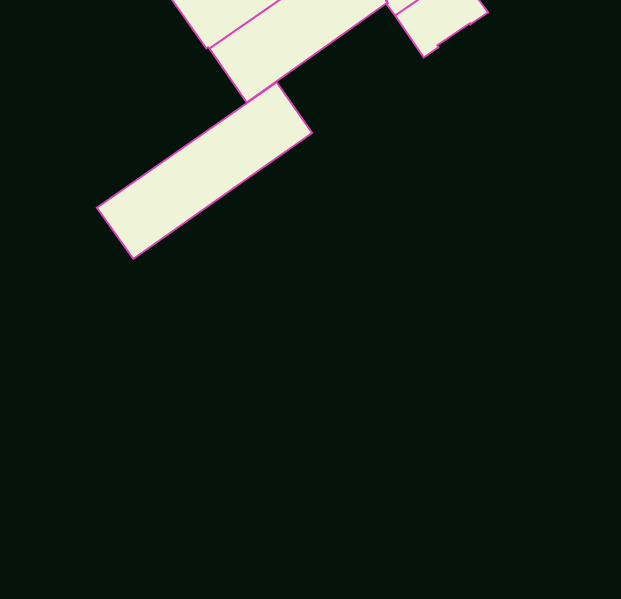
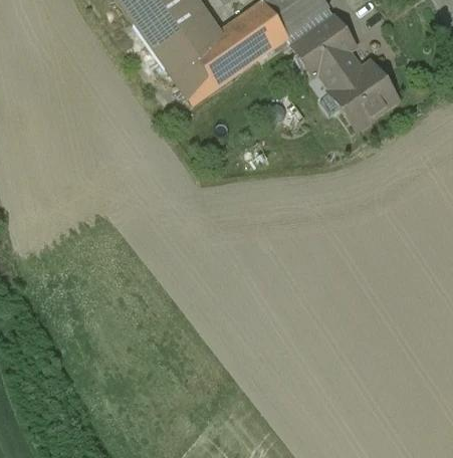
building: none -> [320,49,398,129]
building: [97,82,312,259] -> none

